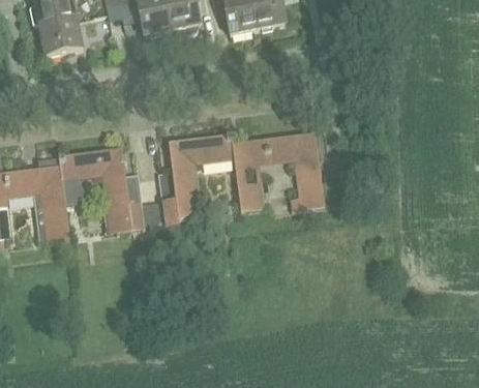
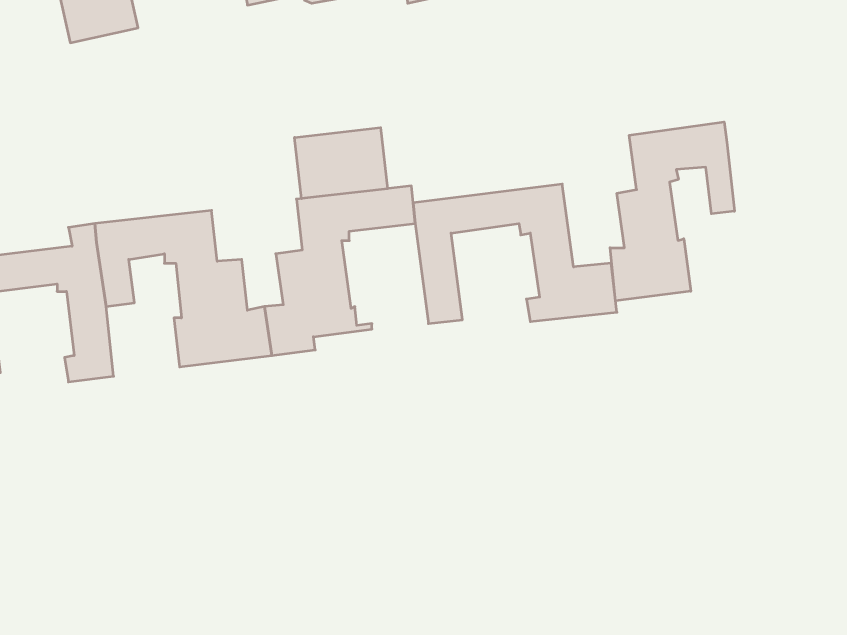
building: none -> [610,122,734,301]
building: none -> [295,128,388,199]

